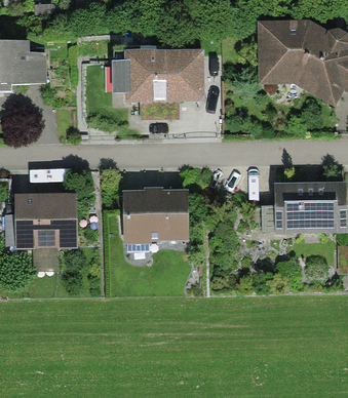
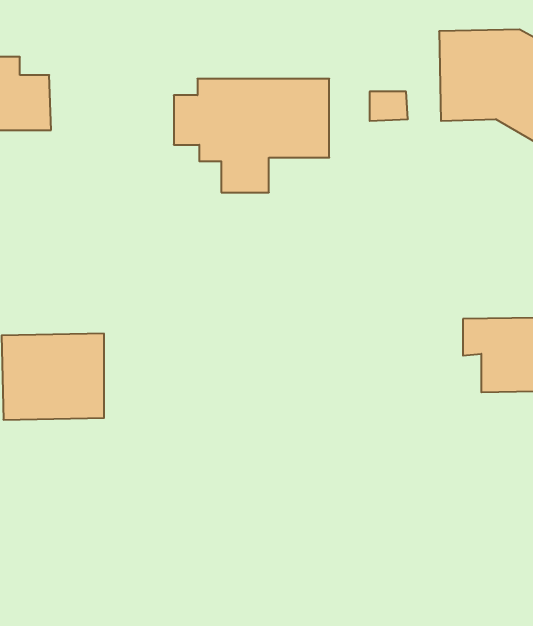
building: [126,192,185,248] -> none

